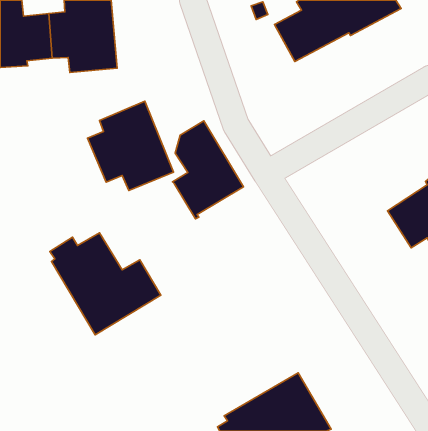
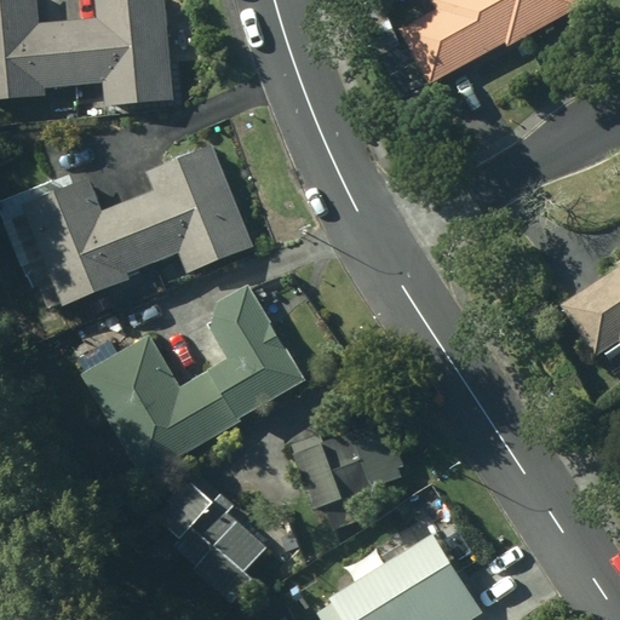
building: [173,121,243,219] -> [202,283,304,424]
building: none -> [8,177,156,306]
building: none -> [289,430,407,530]
building: none -> [154,475,265,599]

